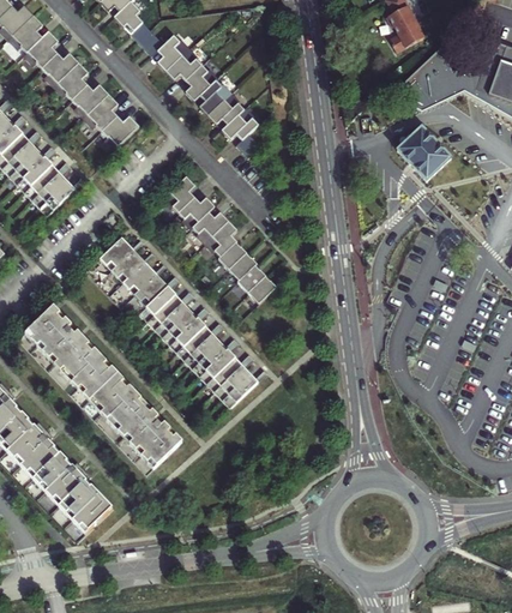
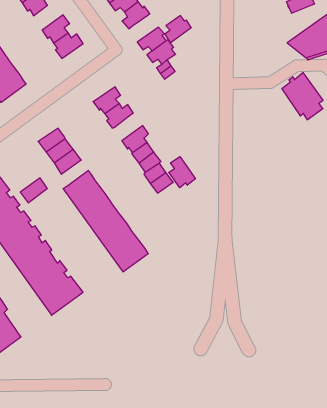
building: [199,78,231,114] -> [165,16,191,43]
building: [72,83,109,115] -> none
building: [193,210,229,241] -> none
building: none -> [169,157,195,188]
building: [134,272,168,306] -> [20,178,47,203]

